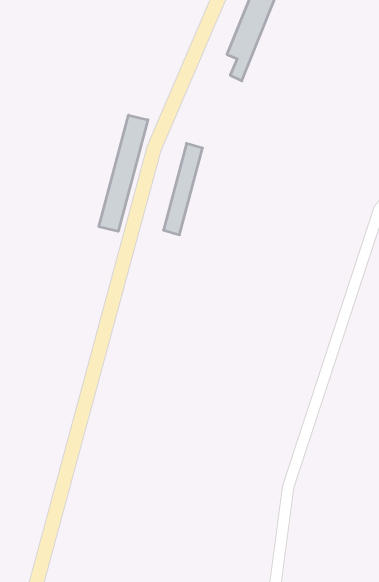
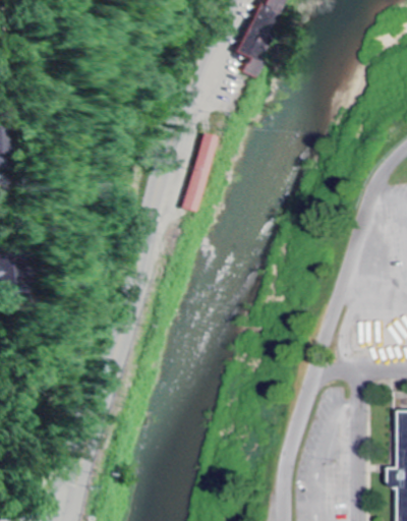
building: [99,115,148,231] -> none

